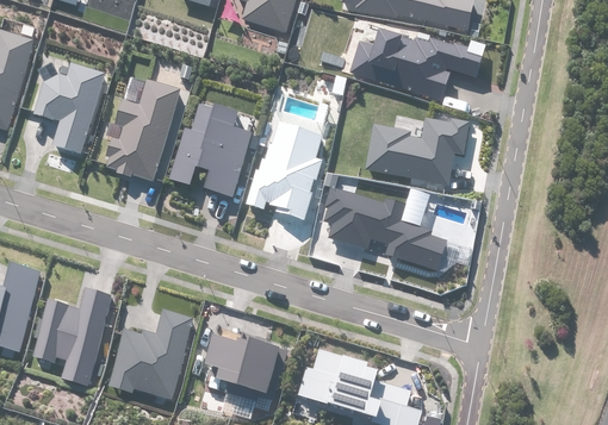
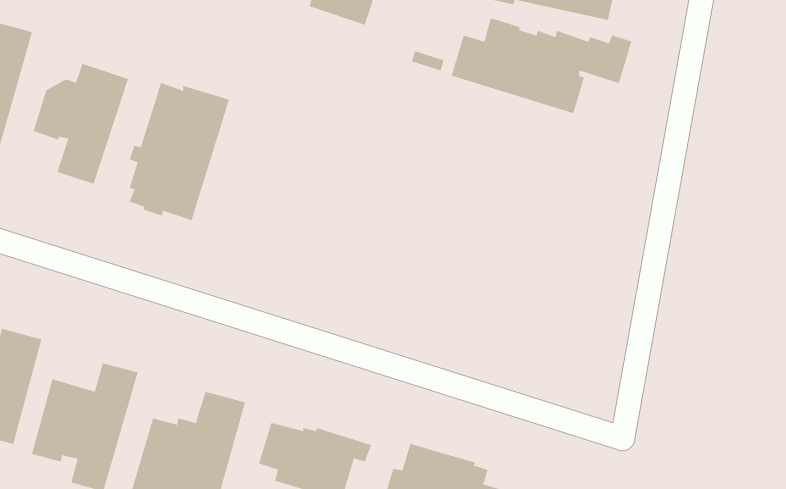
building: [169,104,253,196] -> none
building: [365,118,470,186] -> none
building: [246,124,323,220] -> none
building: [324,187,447,270] -> none

